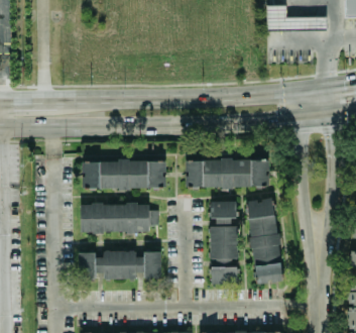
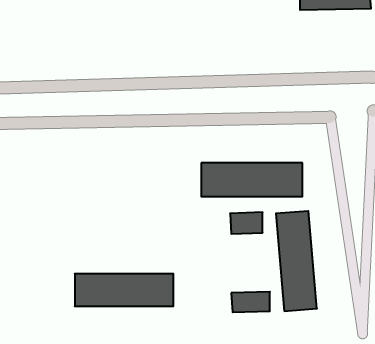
building: [82,159,165,188] -> none
building: [80,203,148,232] -> none
building: [209,225,238,258] -> none

